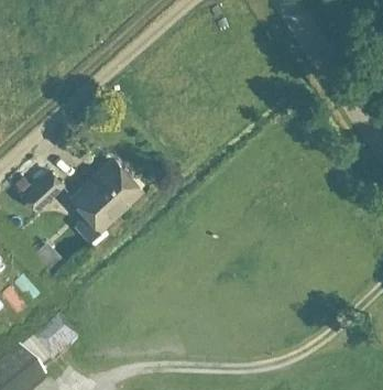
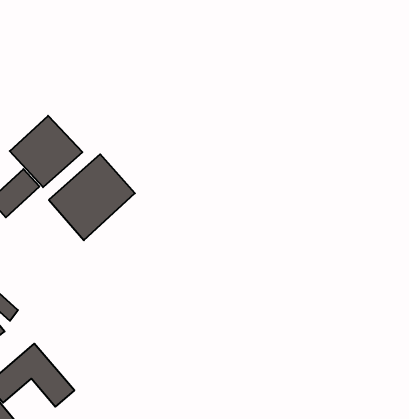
building: none -> [10,116,82,187]

